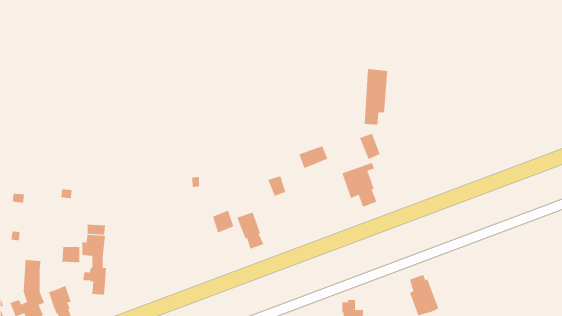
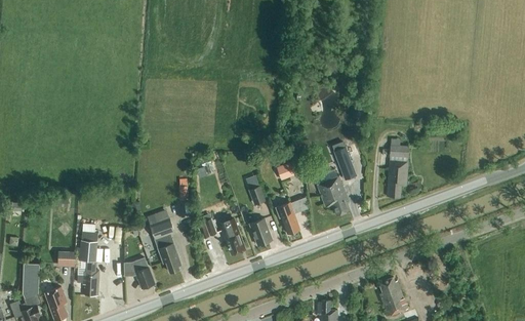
building: [364,69,388,125] -> [387,145,409,197]
building: none -> [275,201,299,233]
building: none -> [150,217,181,272]
building: none -> [249,218,273,245]
building: none -> [124,257,154,288]

